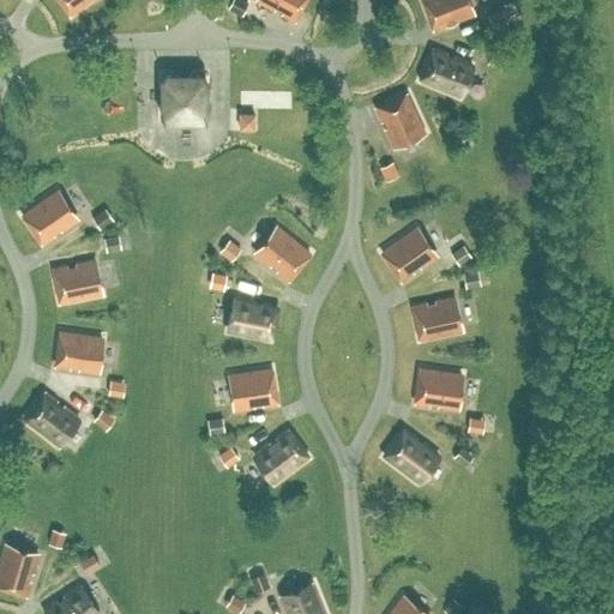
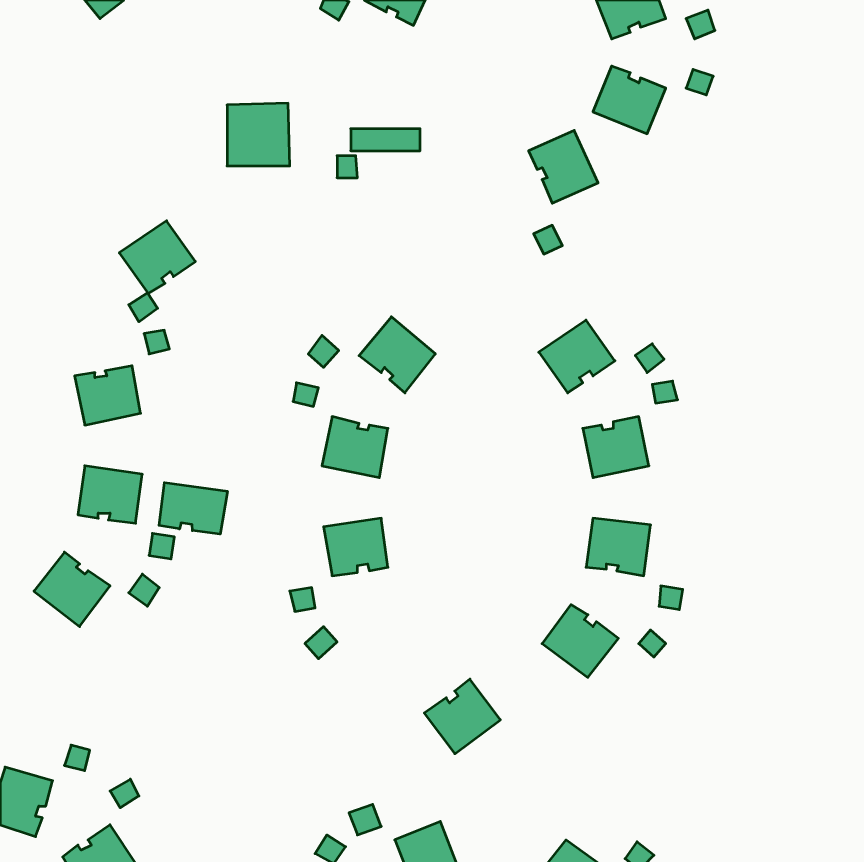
building: [23,192,77,243] -> [119,221,195,294]
building: none -> [159,483,227,534]
building: [254,431,308,483] -> [424,679,500,754]

